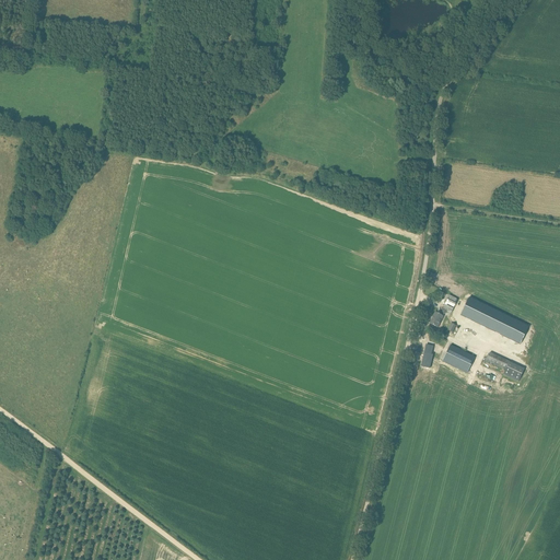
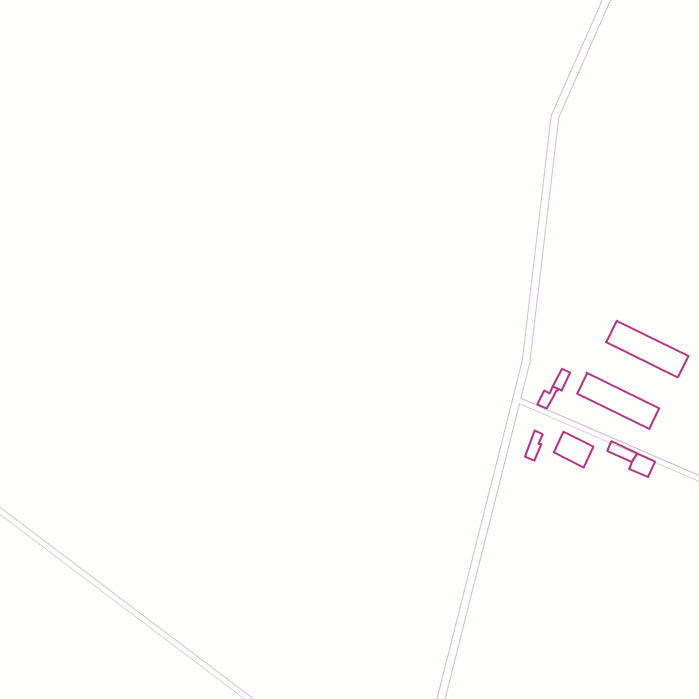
building: none -> [606,321,689,377]

